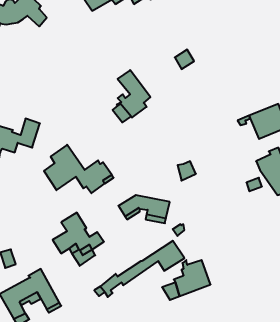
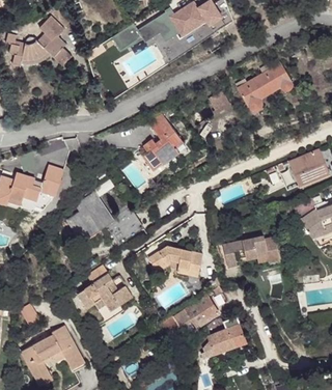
building: none -> [236,58,293,119]
building: none -> [223,235,280,268]

